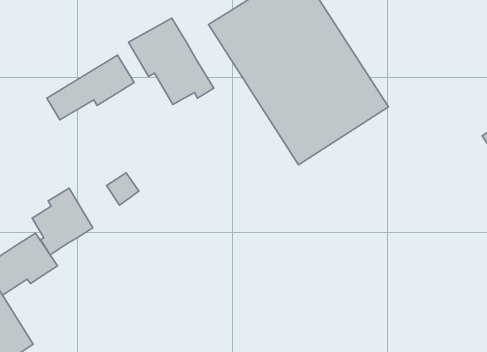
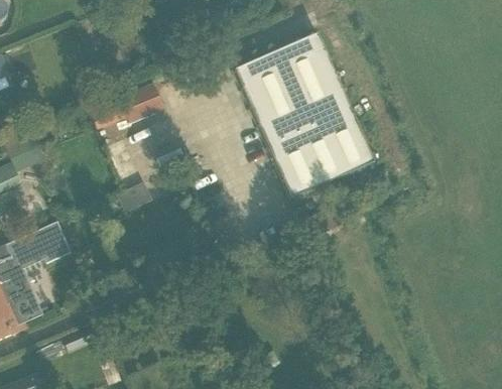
building: [129,18,214,105] -> none
building: [32,188,93,255] -> none

